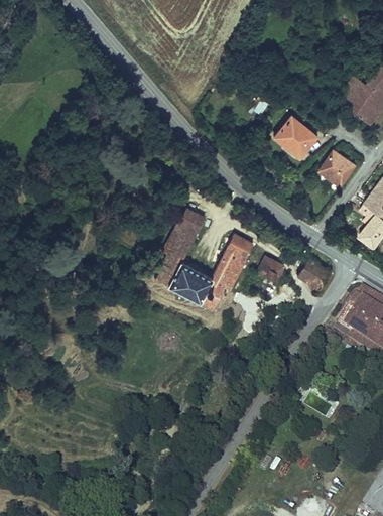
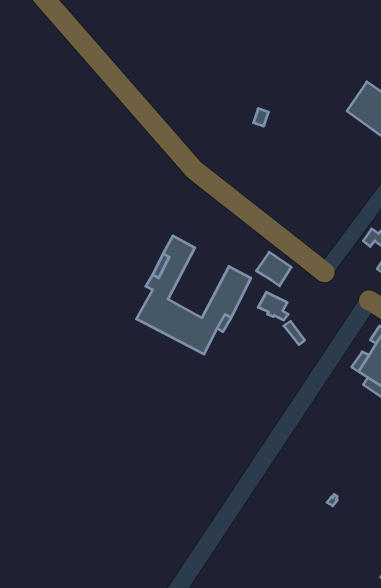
building: [274,115,316,156] -> none
building: [320,149,355,184] -> none
building: [298,257,329,286] -> [256,252,291,286]

